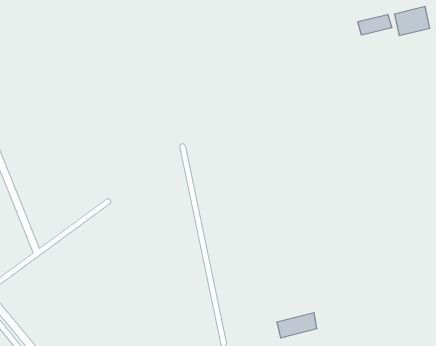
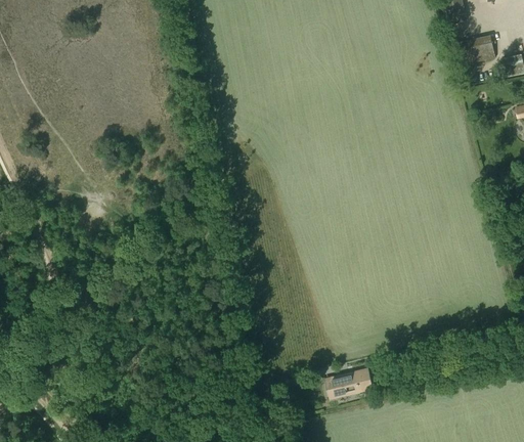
building: [358,14,392,35] -> none

